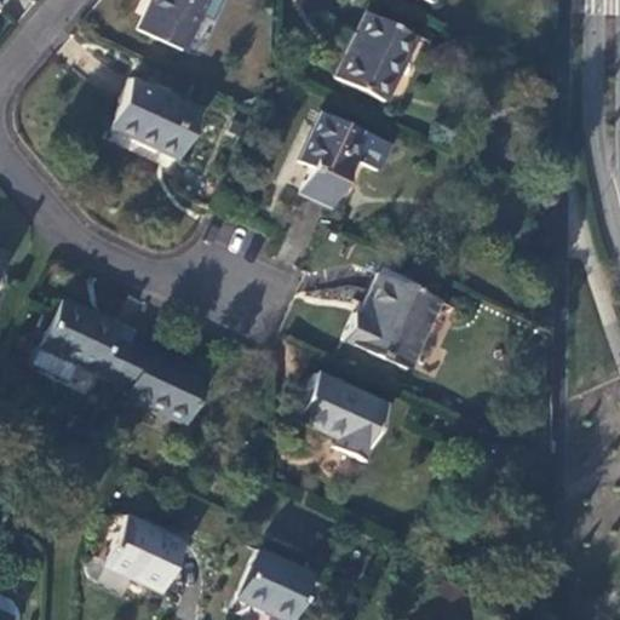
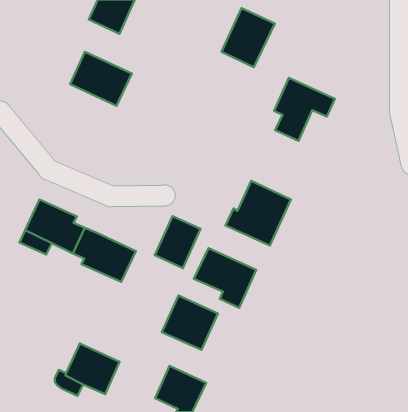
building: [302,111,392,206] -> [274,78,335,141]
building: none -> [155,216,201,268]
building: none -> [162,296,218,350]

